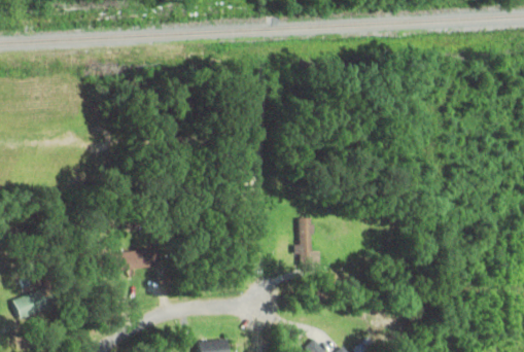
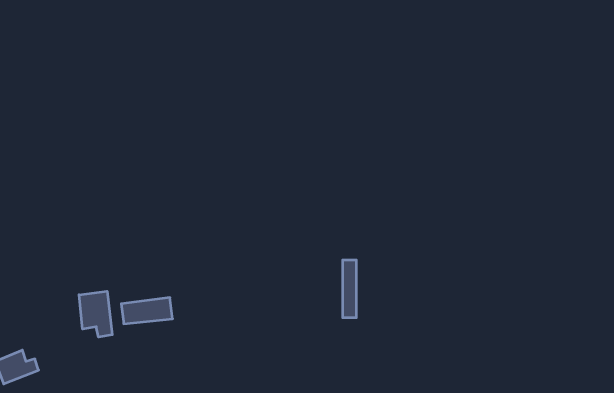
building: none -> [79,291,112,337]

